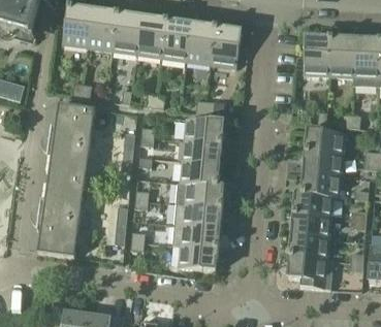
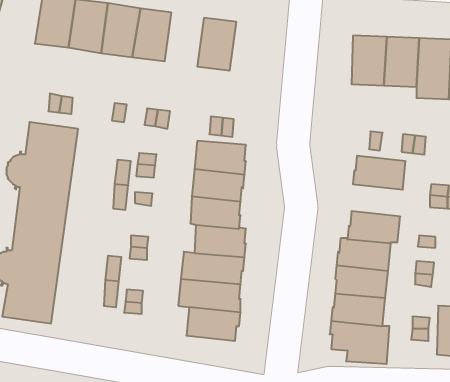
building: [161,19,191,60] -> none
building: [211,26,241,66] -> none
building: [304,150,343,174] -> none

